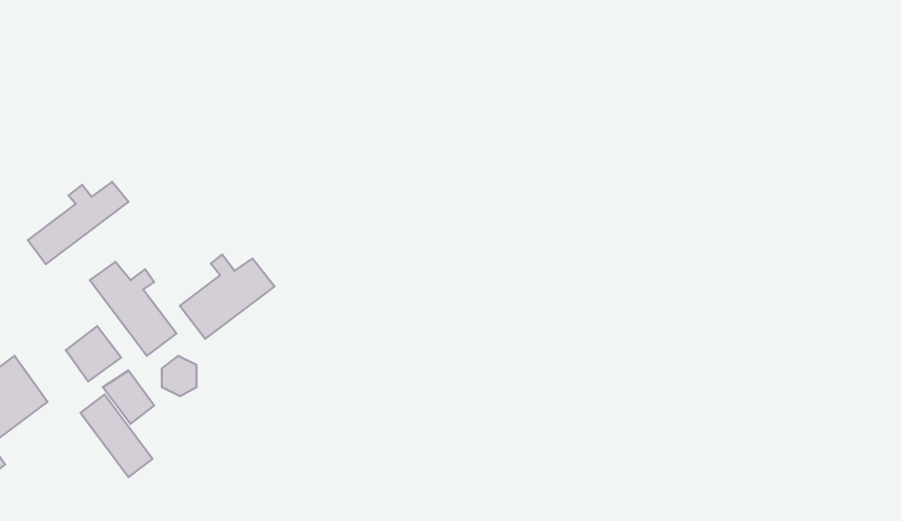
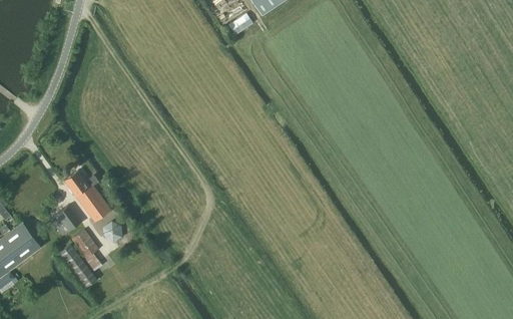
building: [28,182,129,264] -> none
building: [180,254,275,339] -> none

